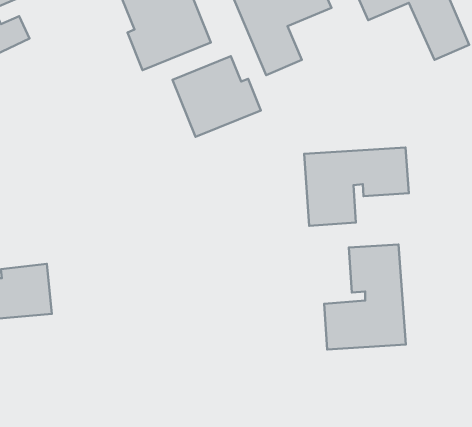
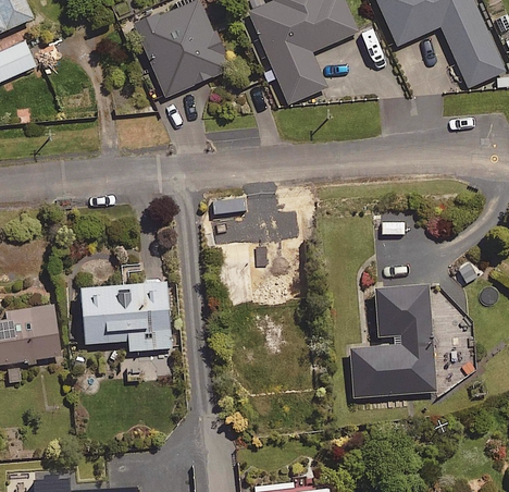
building: [172,56,261,137] -> none
building: [304,147,409,226] -> none
building: none -> [76,282,172,350]

